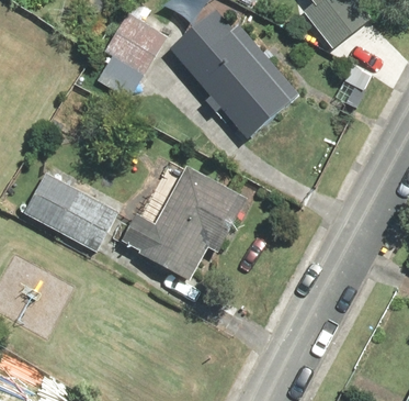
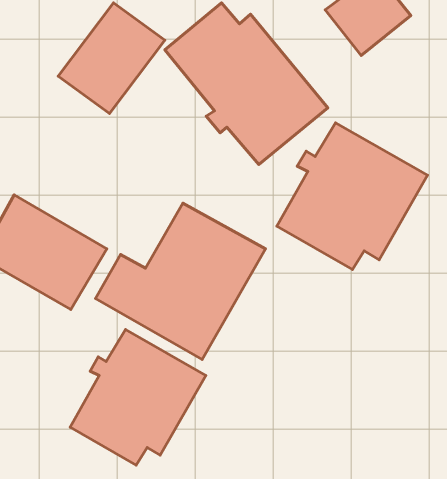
building: none -> [277,123,428,270]
building: none -> [70,330,206,465]

